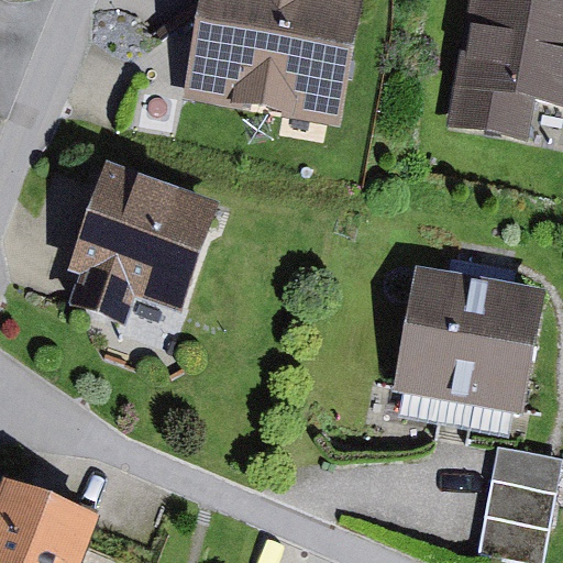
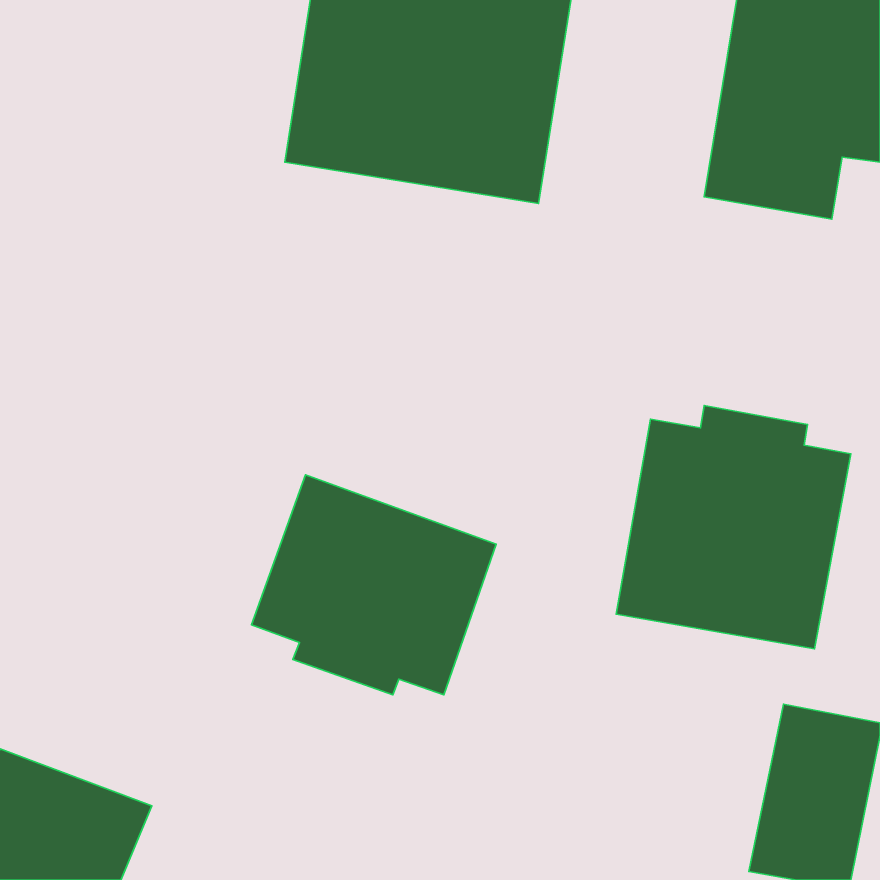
building: [67,159,220,323] -> none
building: none -> [252,475,496,695]

